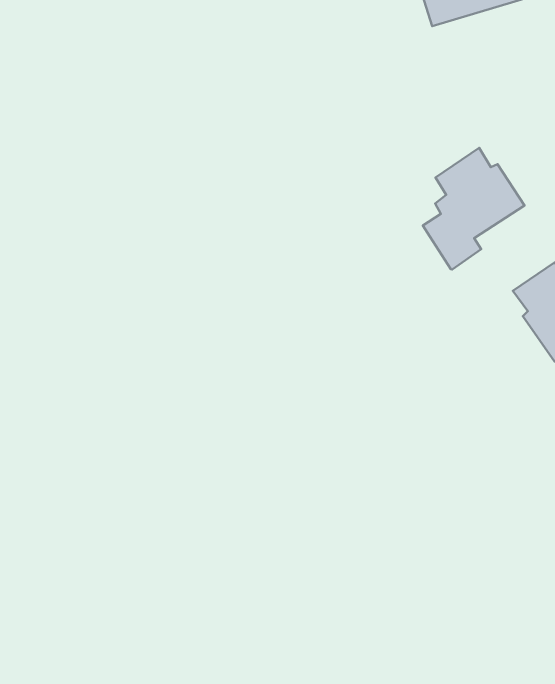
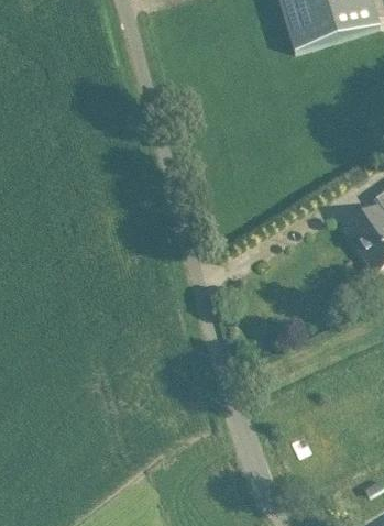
building: [423,148,524,269] -> none

